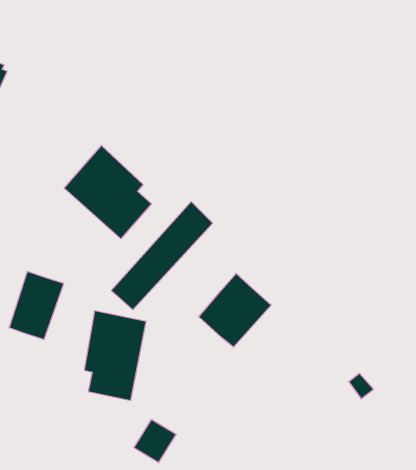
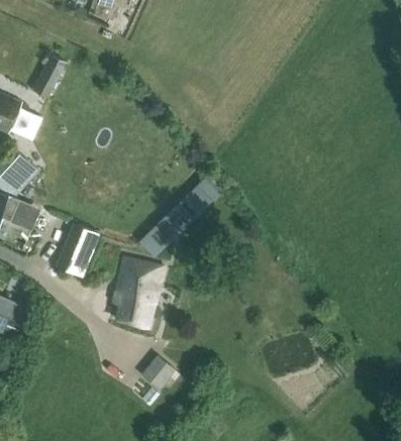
building: [64,145,152,239] -> none
building: [199,273,271,347] -> none

